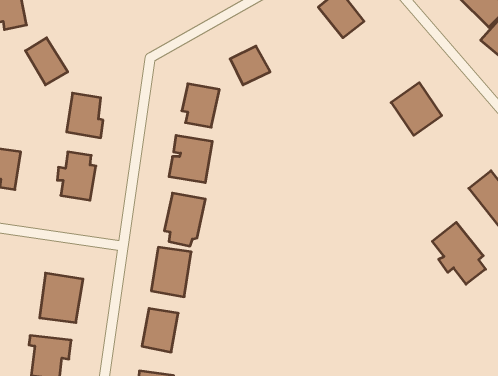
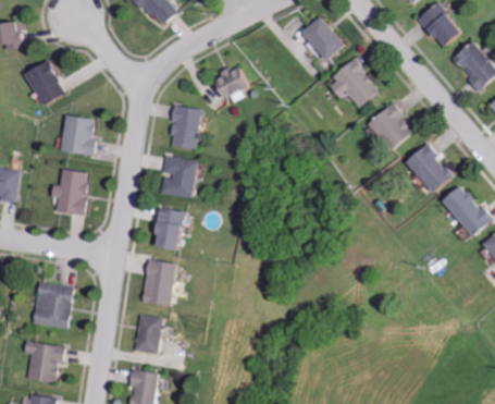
building: none -> [321,60,375,109]
building: none -> [400,145,448,194]
building: [432,222,486,284] -> none

